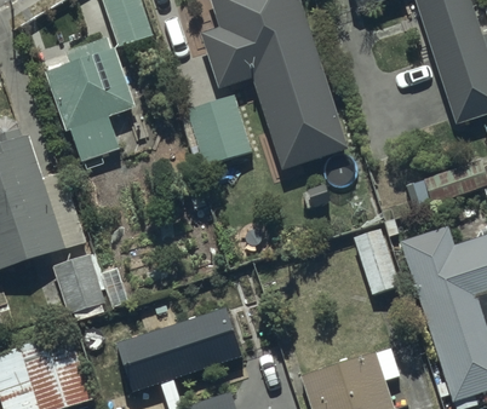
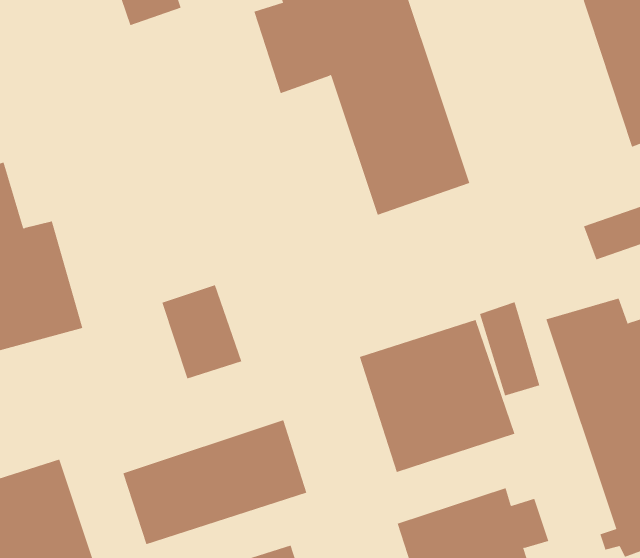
building: [46,36,136,163] -> none
building: [177,94,252,166] -> none
building: none -> [359,319,515,473]
building: [52,250,107,315] -> [162,284,242,379]

